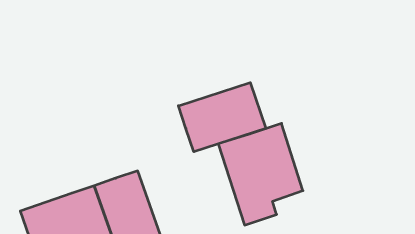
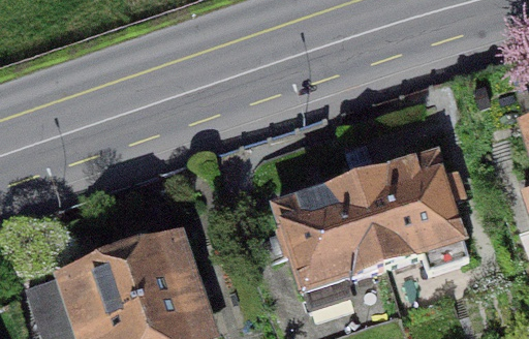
building: [178,83,266,152] -> none
building: none -> [356,148,468,264]

